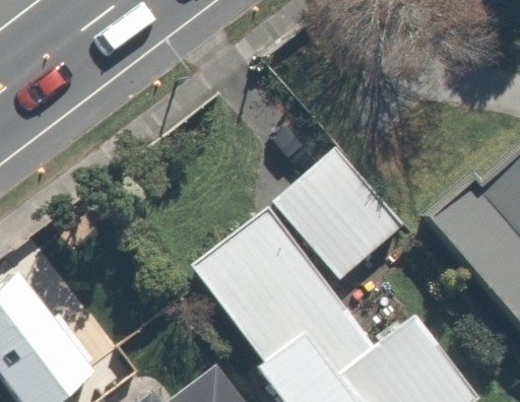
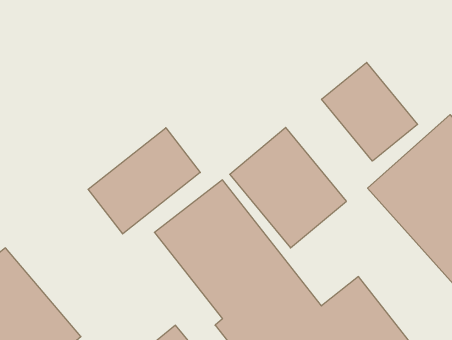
building: none -> [322,62,418,161]
building: none -> [88,128,200,234]

